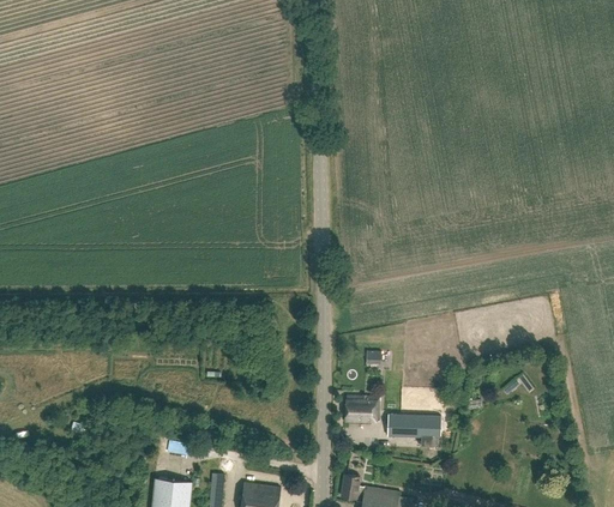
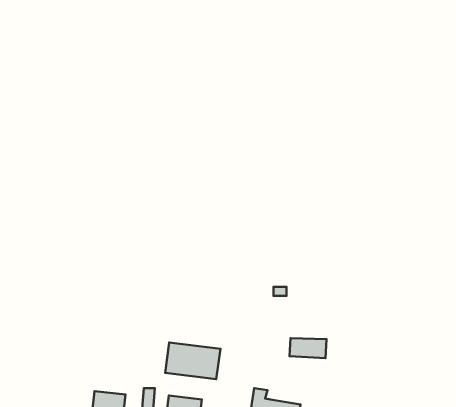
building: [345,396,380,422] -> none
building: none -> [165,342,220,379]

